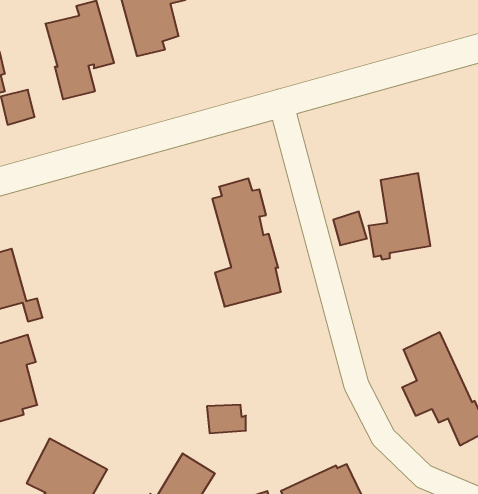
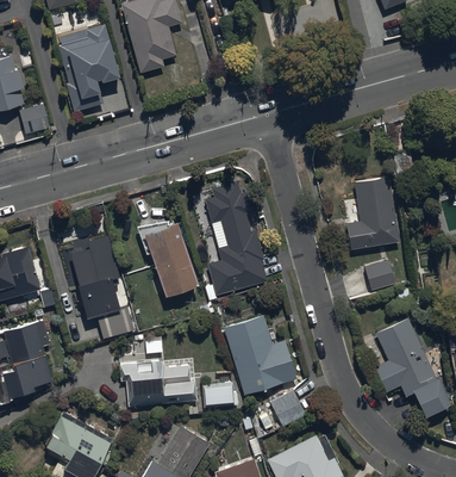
building: [333,212,367,245] -> [364,259,394,289]
building: none -> [142,219,198,297]
building: none -> [70,236,135,340]
building: none -> [224,316,296,392]
building: none -> [118,360,196,405]
building: none -> [263,389,305,428]

